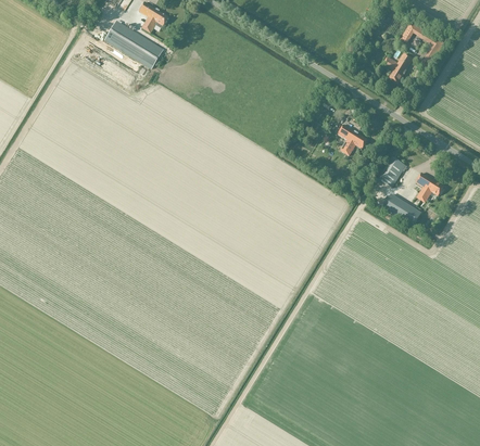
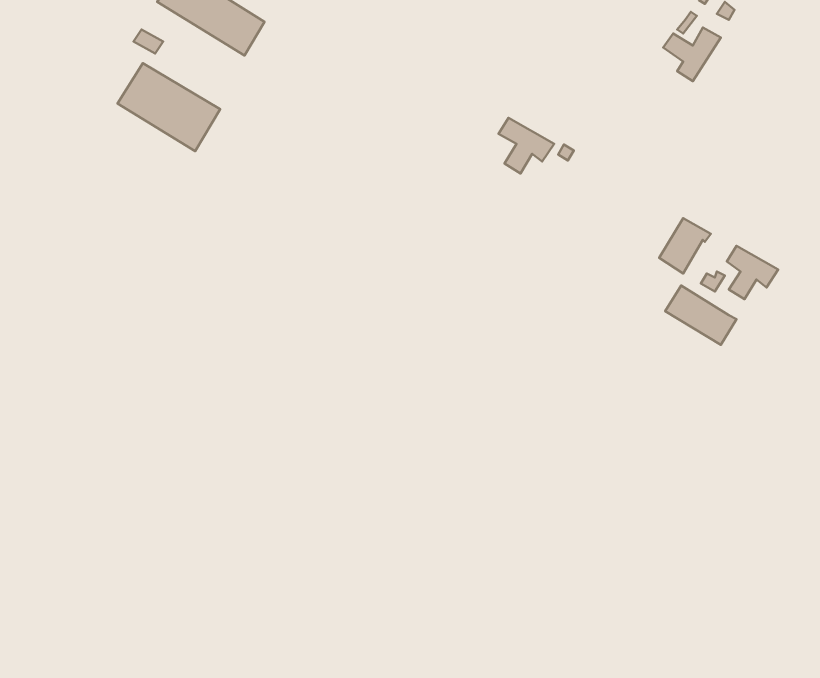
building: none -> [117,63,220,151]
building: [338,125,368,155] -> [499,118,554,173]

